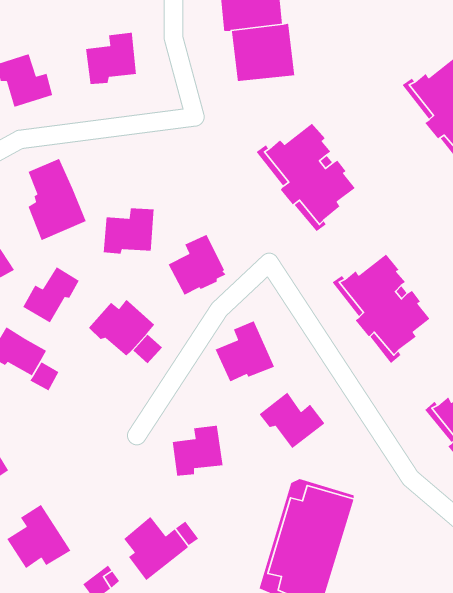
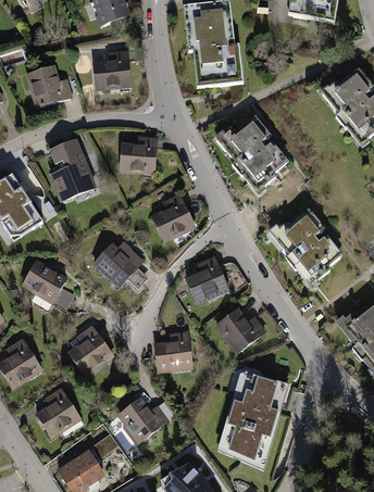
building: [103,207,155,254] -> [121,136,158,169]
building: [22,266,80,324] -> none
building: none -> [70,325,110,373]

